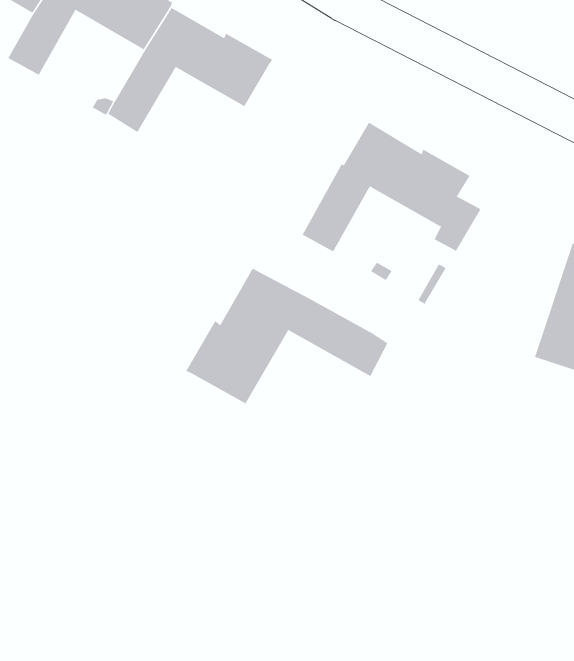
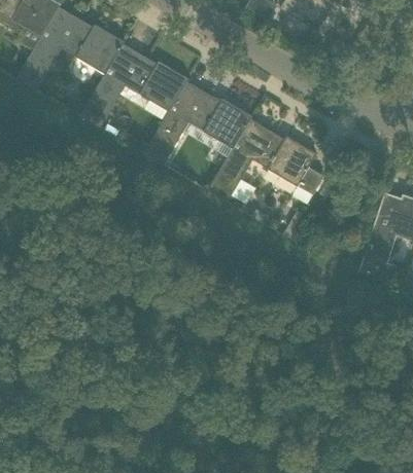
building: none -> [146,81,252,162]
building: [185,268,388,405] -> none

